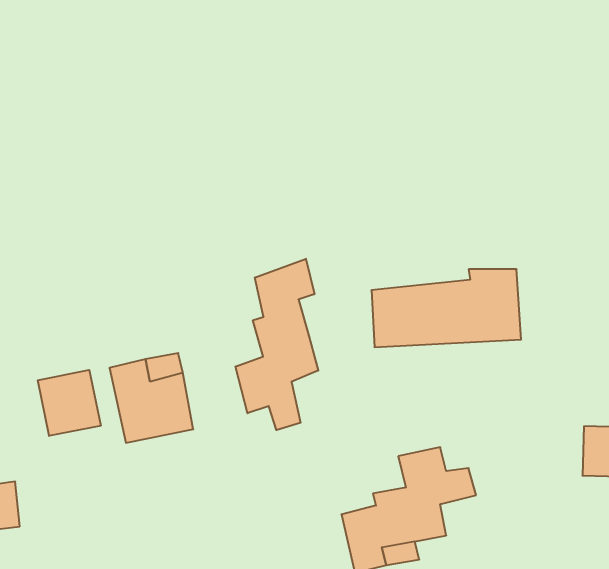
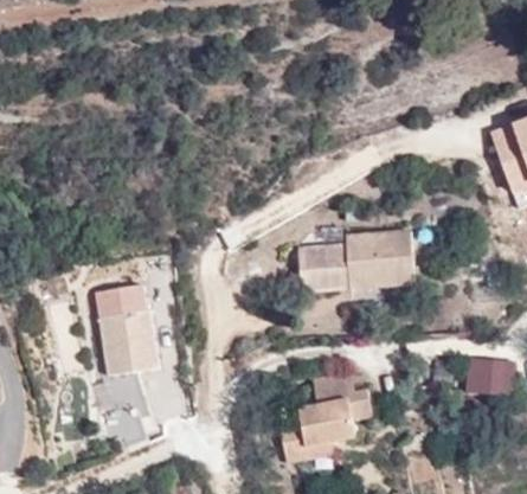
building: [236,259,318,430] -> none
building: [38,370,101,436] -> none

